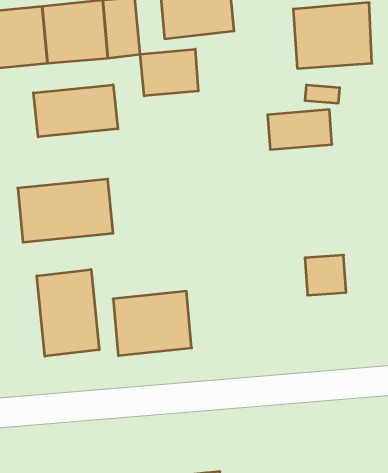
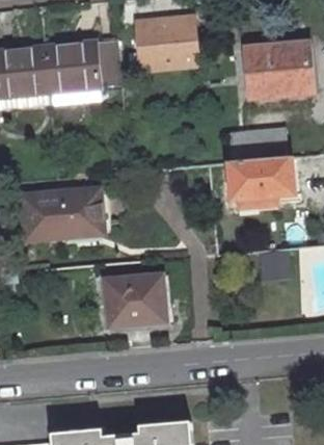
building: [140,49,198,96] -> none
building: [33,85,118,137] -> none
building: none -> [222,157,293,201]
building: [37,269,99,356] -> none

